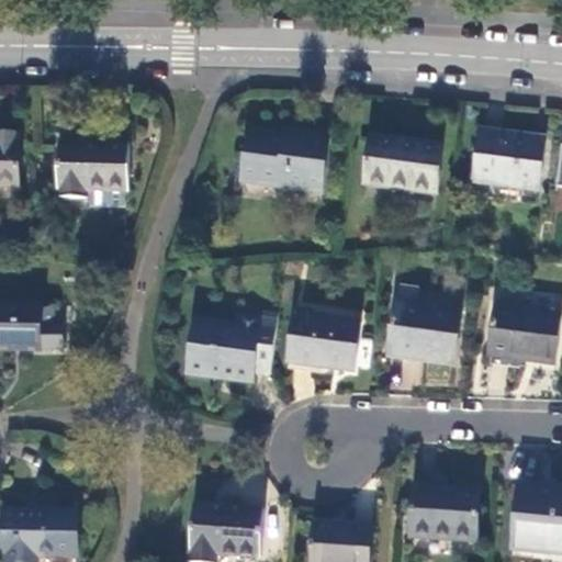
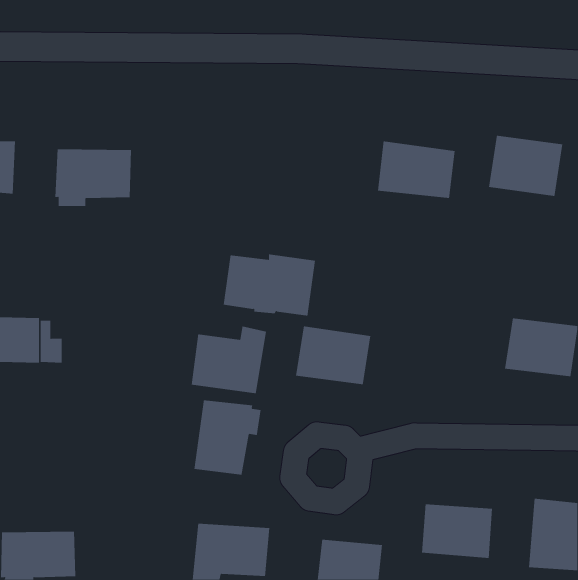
building: [239,132,329,192] -> [223,254,316,316]
building: [386,300,461,368] -> none
building: none -> [194,400,261,476]

